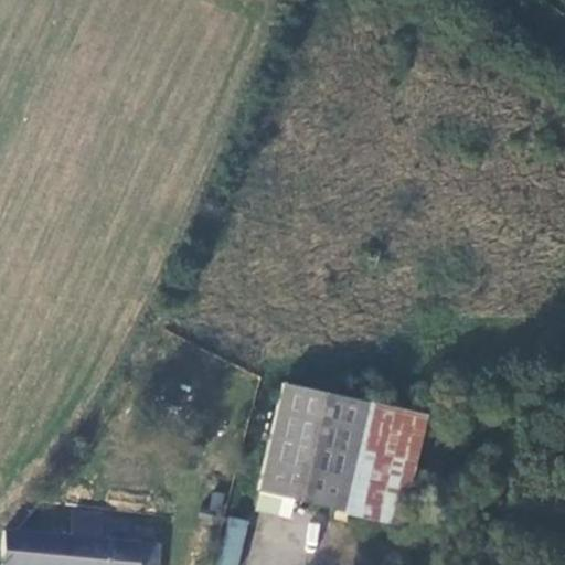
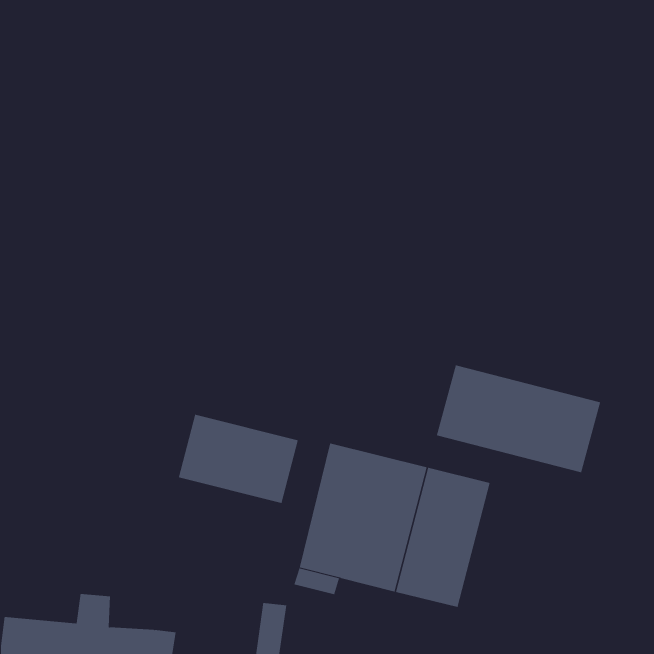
building: none -> [436,365,601,473]
building: none -> [178,414,299,504]

